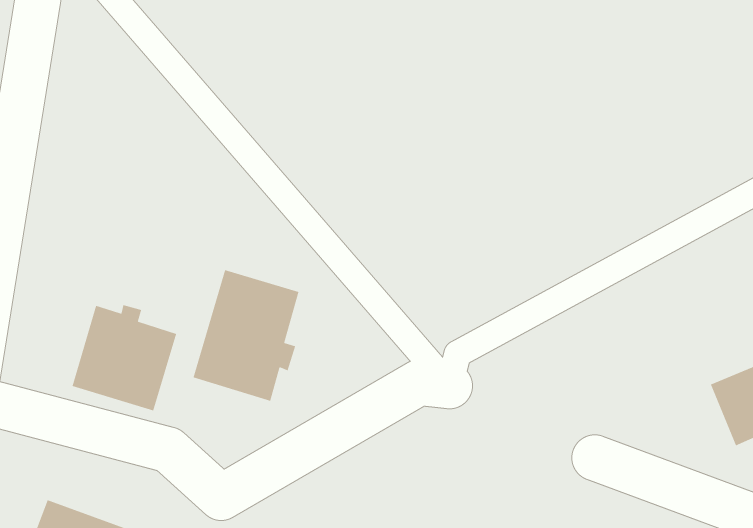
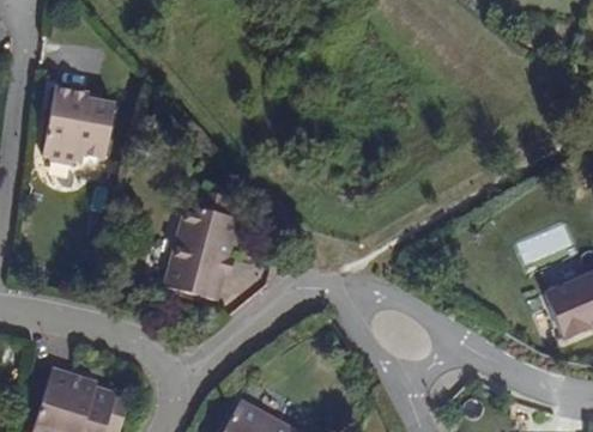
building: none -> [37,93,114,169]
building: [72,304,177,412] -> none

